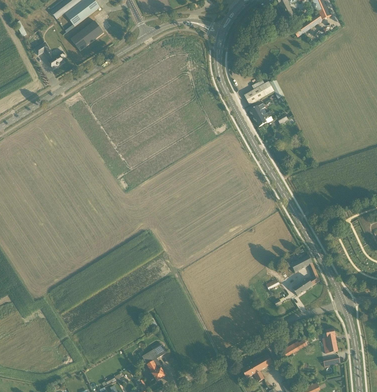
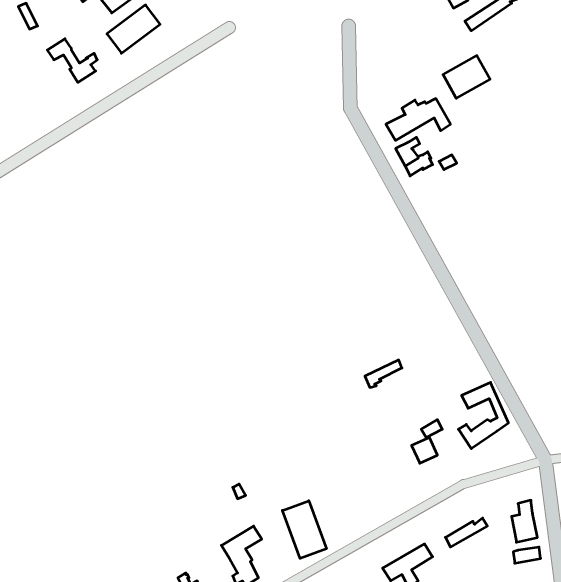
building: none -> [443,56,490,98]
building: none -> [282,501,326,558]

